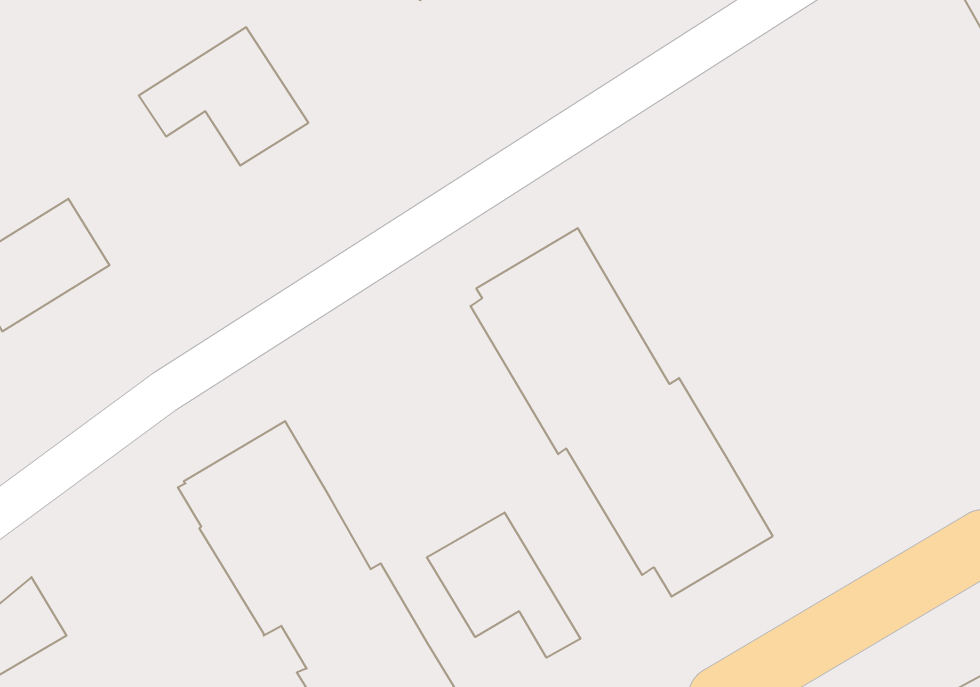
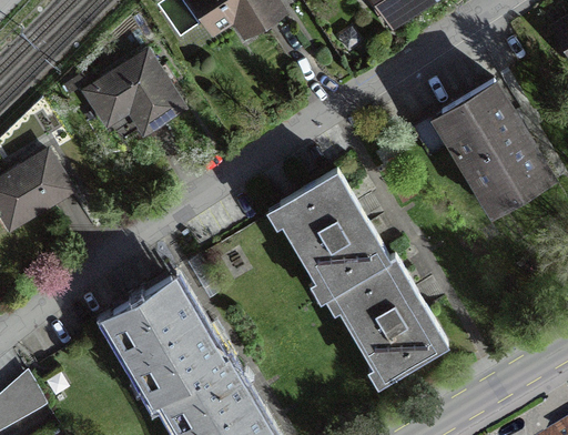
building: none -> [412,81,551,212]
building: [427,512,580,658] -> none

